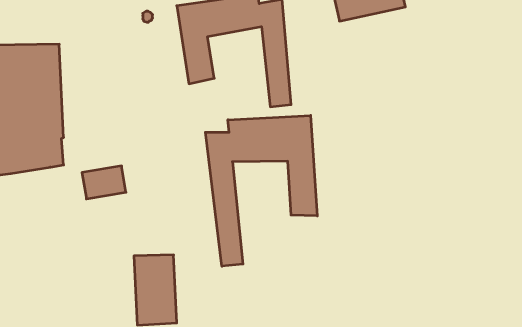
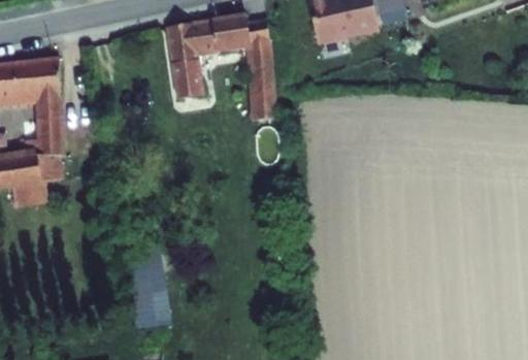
building: [205,115,317,266] -> none
building: [82,166,126,199] -> [12,177,54,208]

